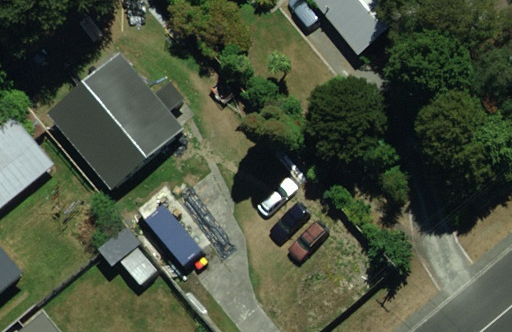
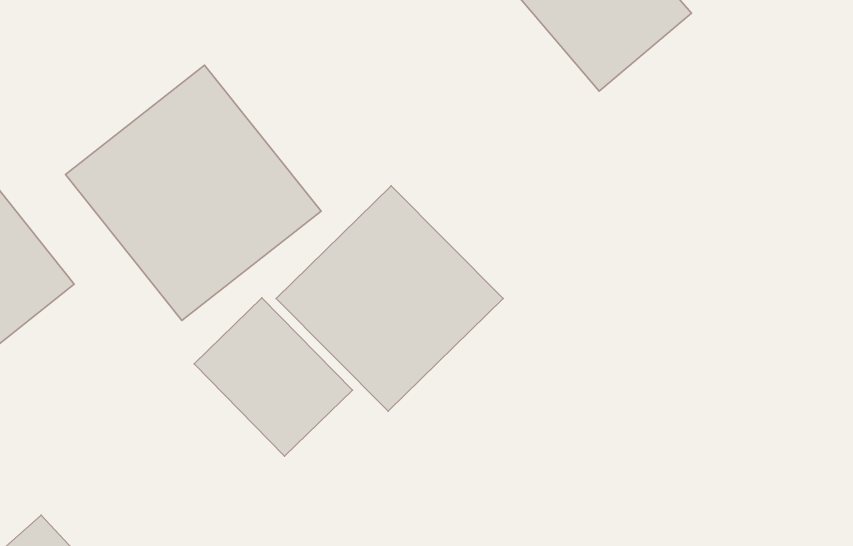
building: none -> [276,186,503,411]

